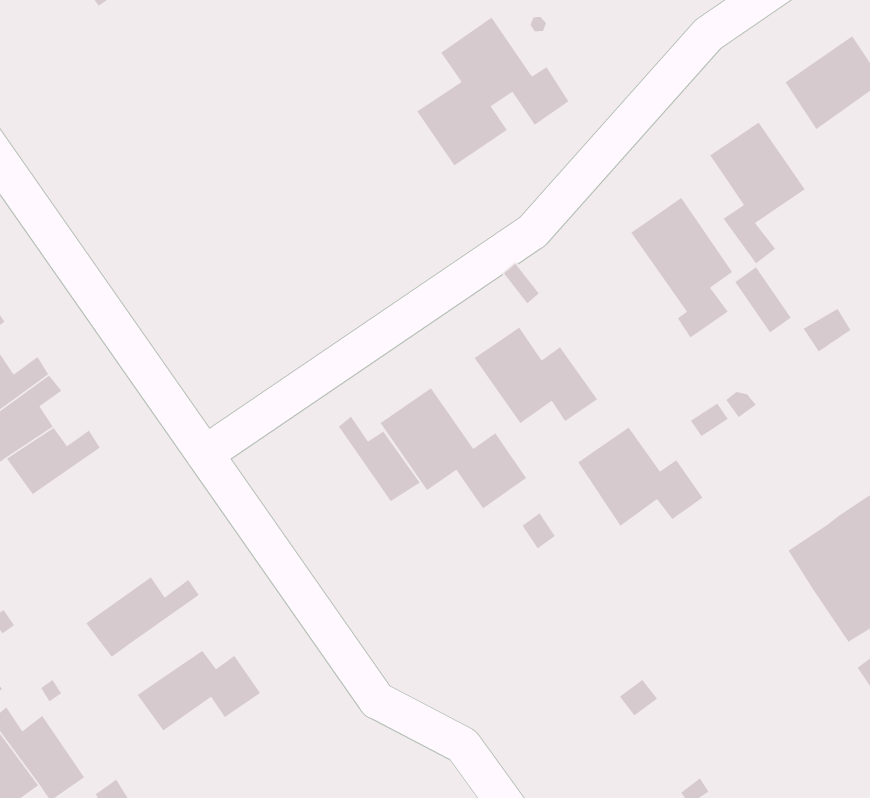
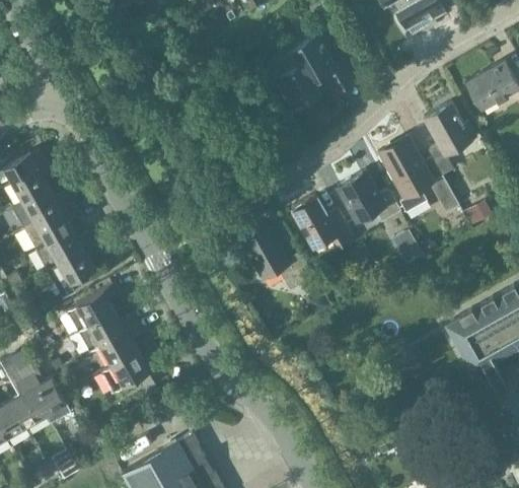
building: [338,415,421,502] -> none
building: [577,426,703,527] -> [336,170,399,222]
building: none -> [46,241,98,297]
building: none -> [66,283,120,332]
building: none -> [99,323,143,365]

